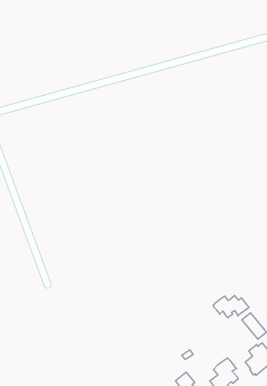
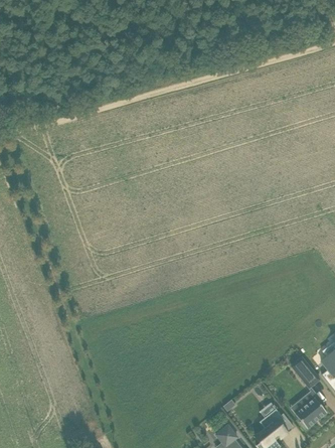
building: [213,295,249,318] -> none

